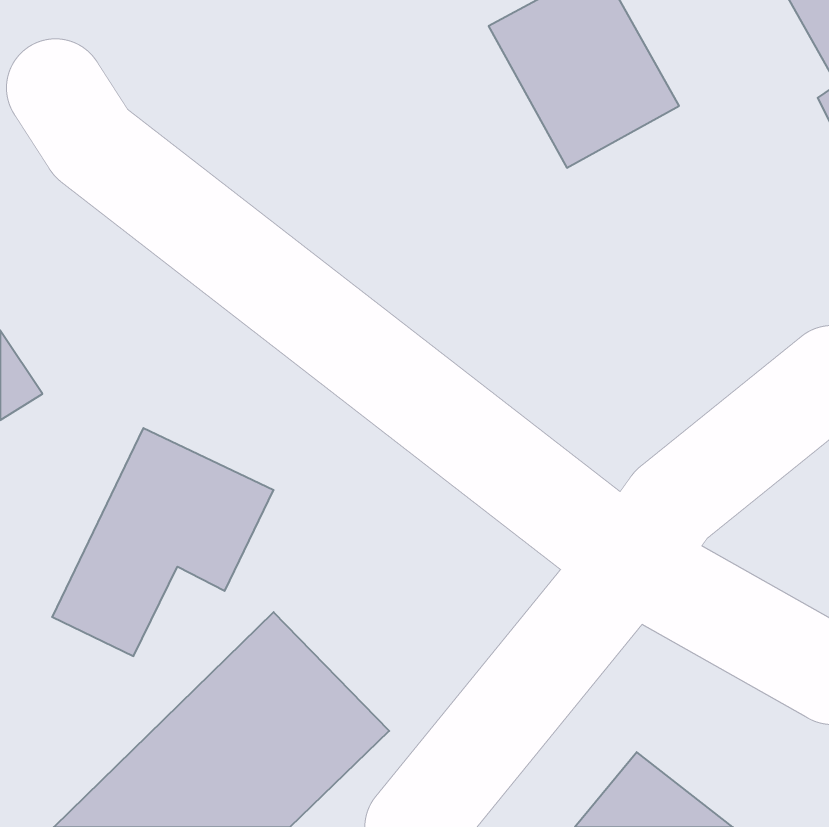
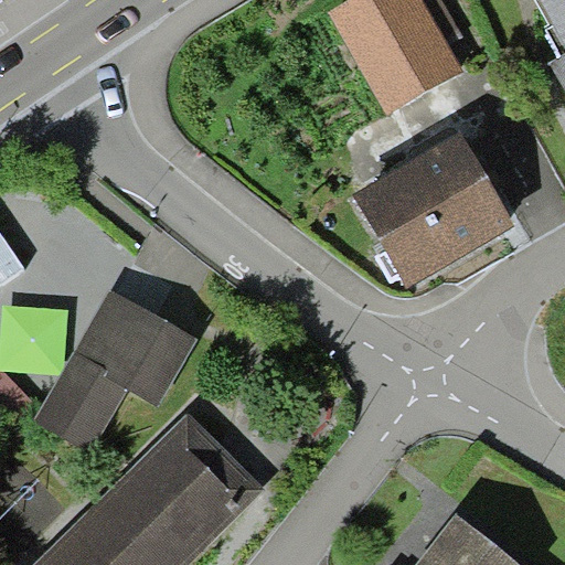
building: none -> [356,141,510,289]

